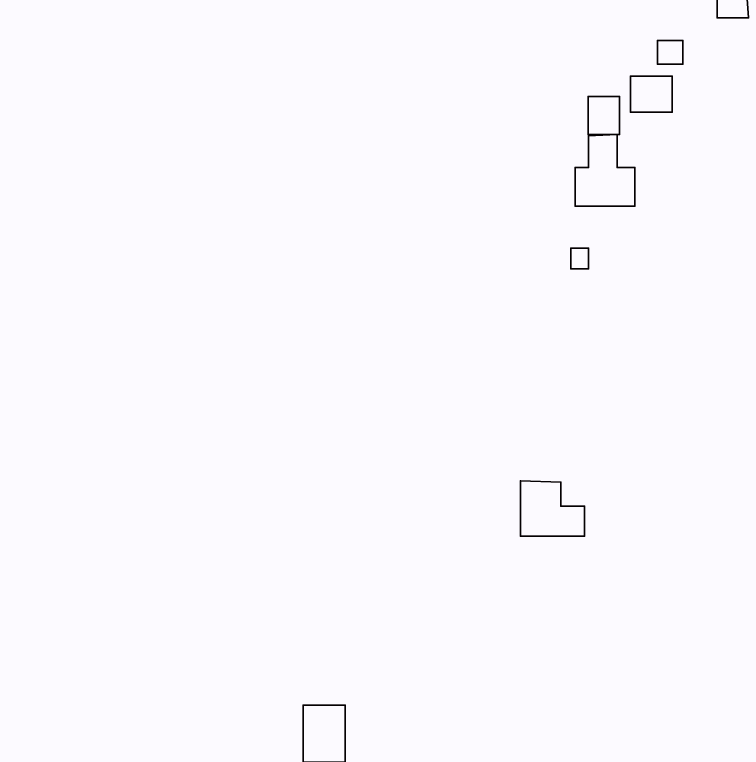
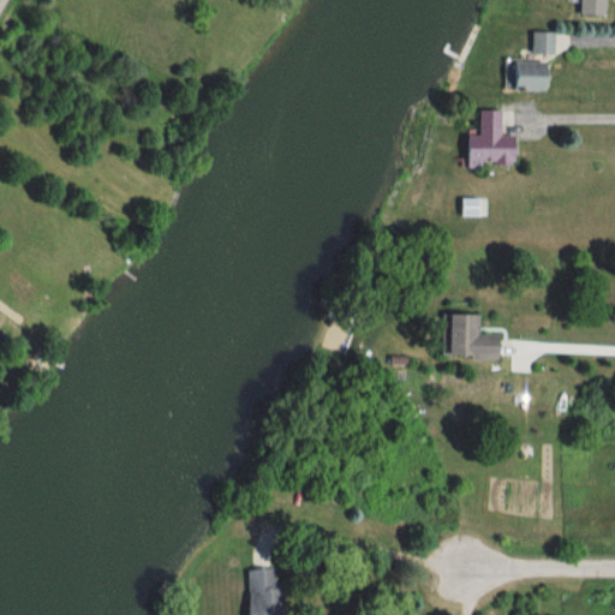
building: [588,96,620,134] -> none
building: [520,481,585,536] -> [449,314,501,358]

